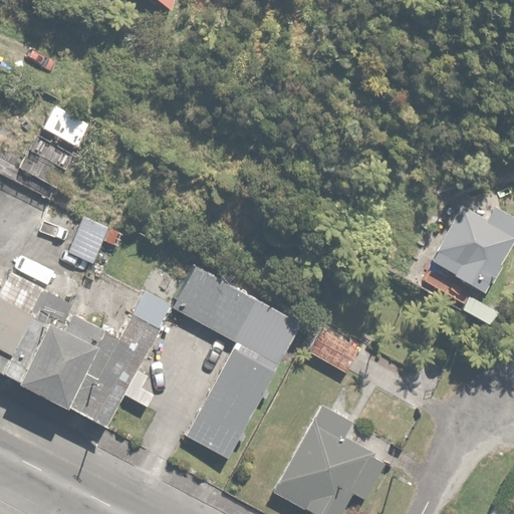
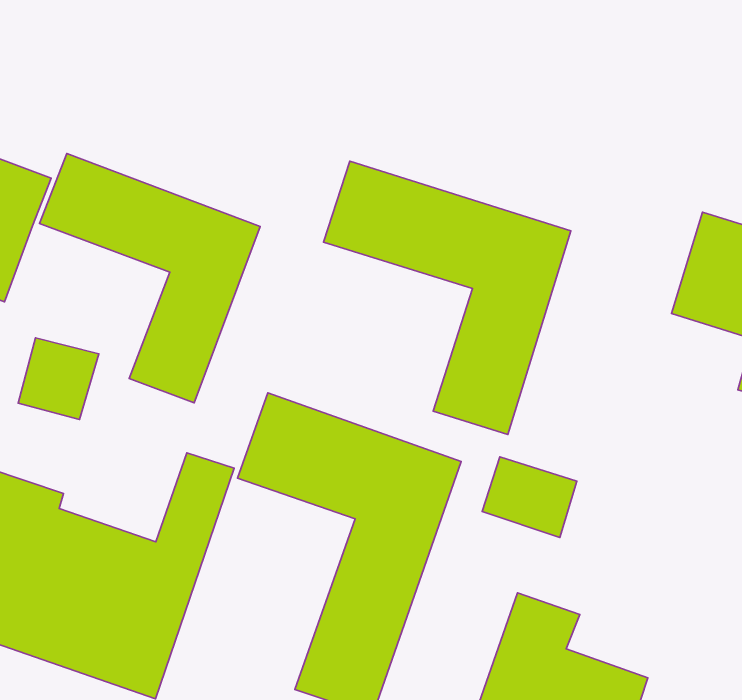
building: none -> [40,154,260,403]
building: none -> [324,161,571,435]

